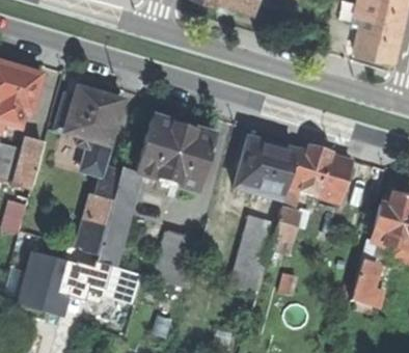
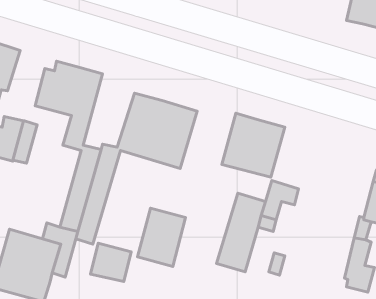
building: [289,145,353,202] -> none

